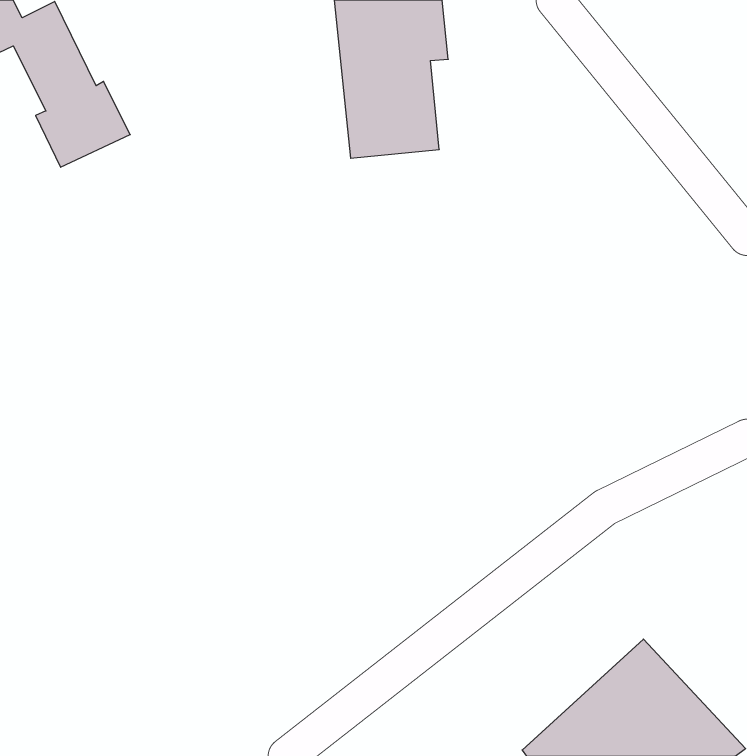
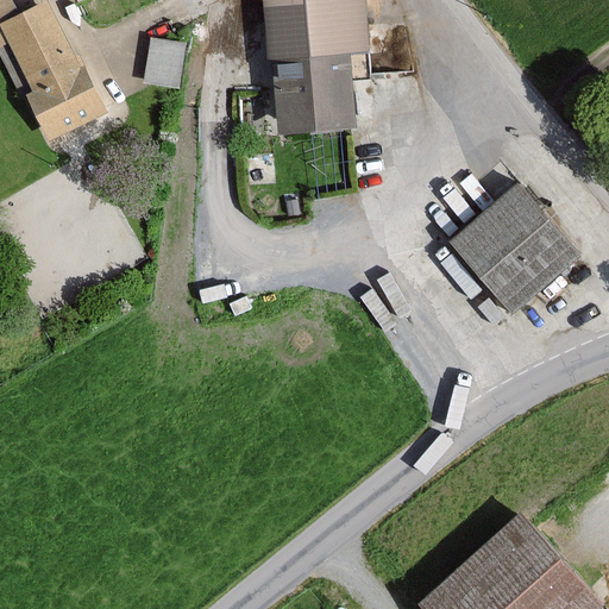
building: none -> [142,40,178,86]
building: none -> [454,188,571,306]

